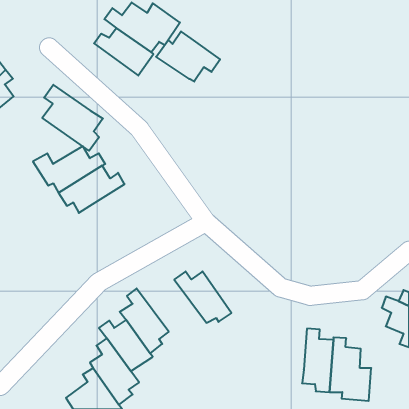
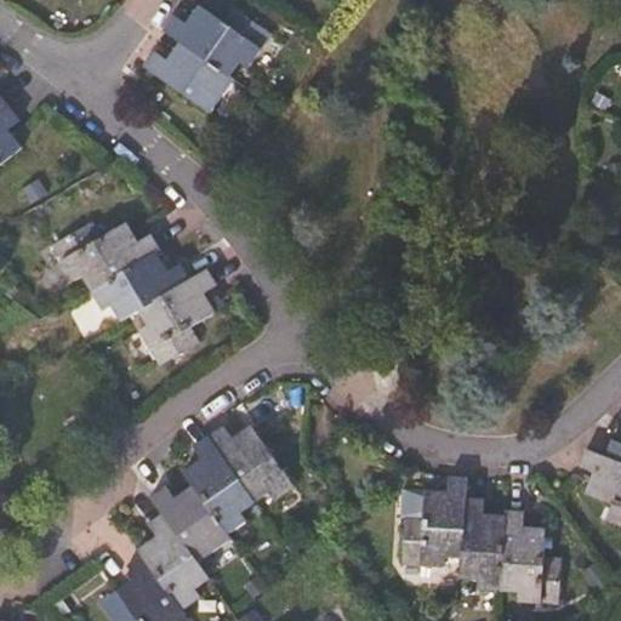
building: [156,31,220,82] -> none
building: [42,85,103,151] -> none
building: none -> [136,267,215,365]
building: [174,271,231,323] -> [206,423,292,501]
building: none -> [399,473,465,566]

